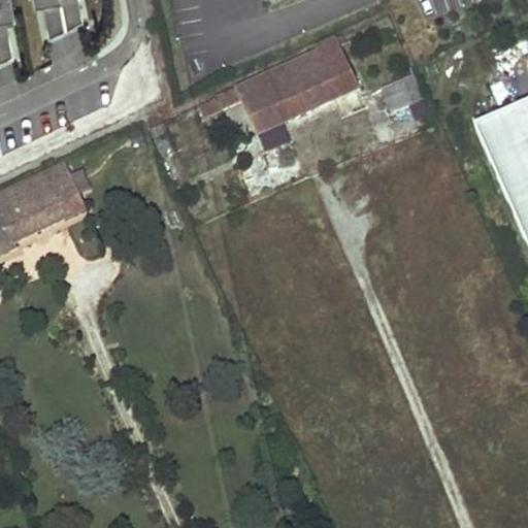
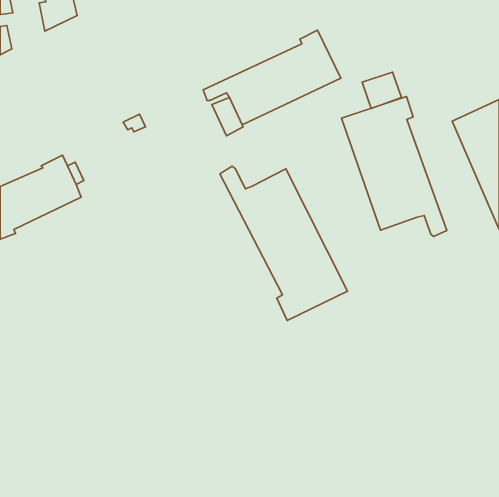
building: none -> [341,97,447,236]
building: none -> [220,166,347,321]

